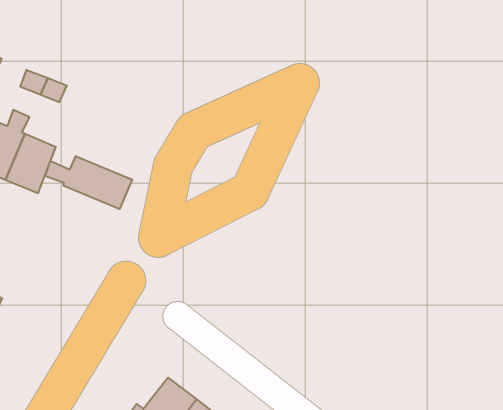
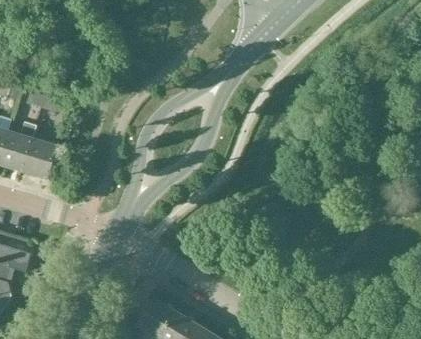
building: [45,156,132,209] -> none

